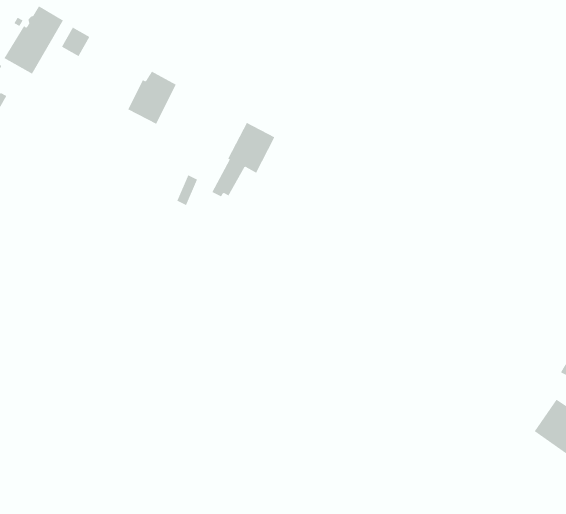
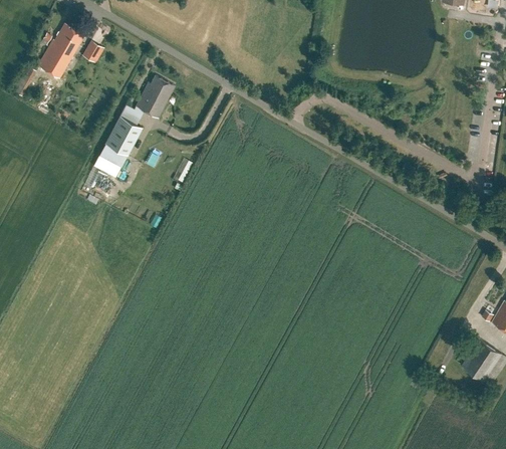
building: [211,122,275,197] -> [91,116,143,176]

